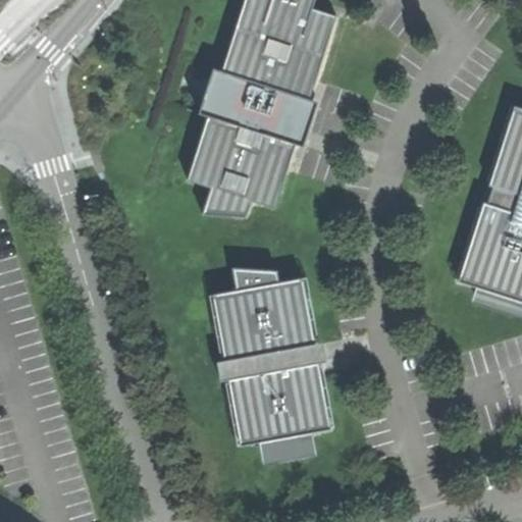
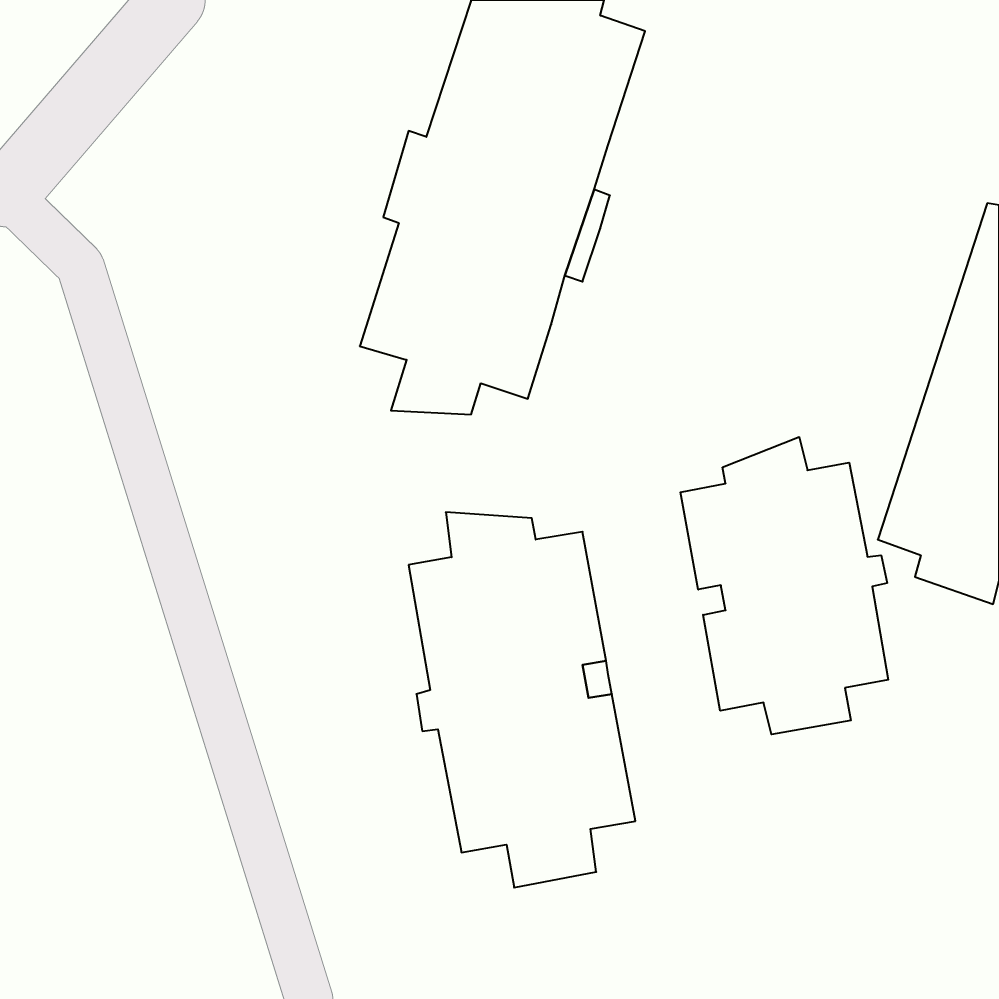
building: none -> [680,437,888,734]

